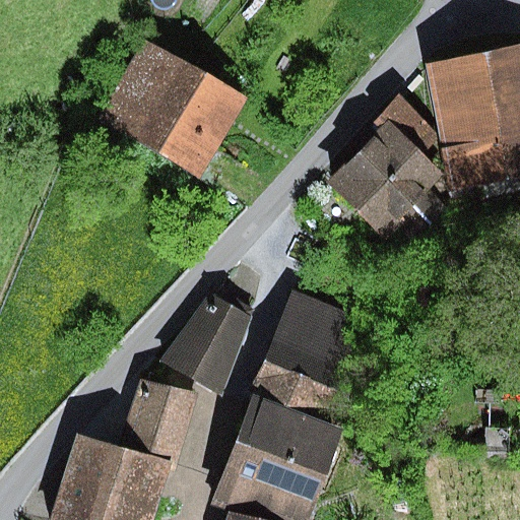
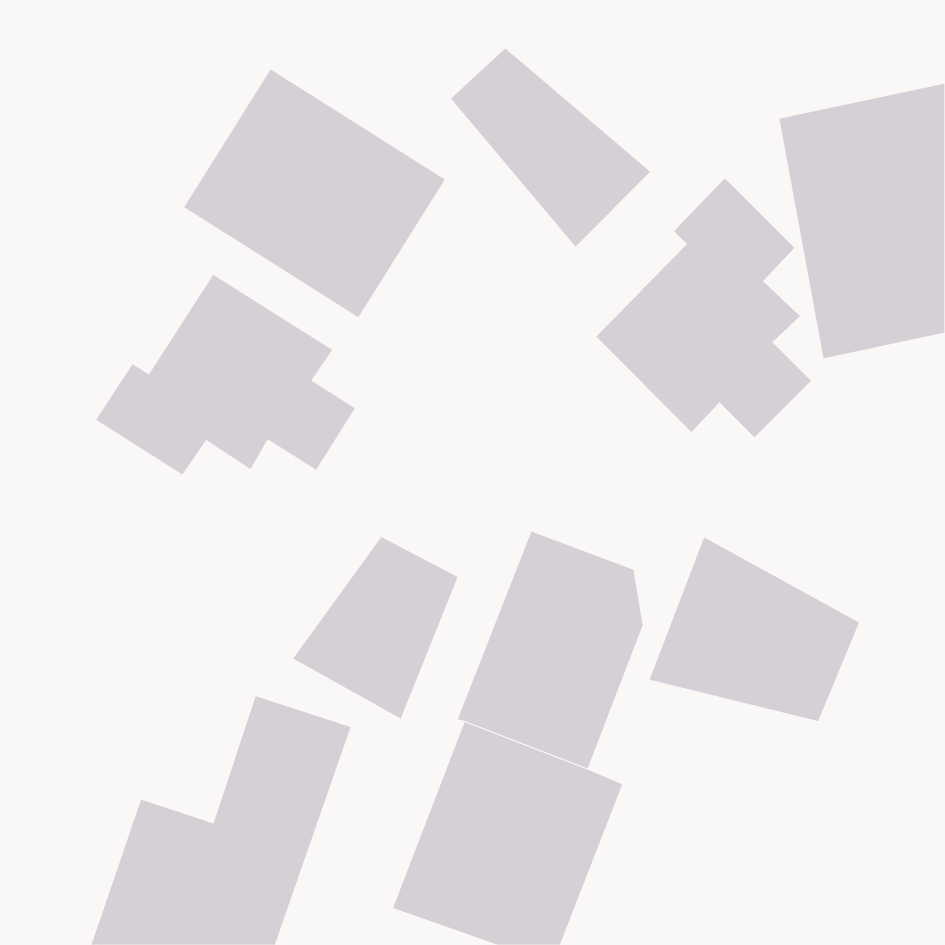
building: none -> [450,47,651,247]
building: none -> [95,274,356,475]
building: none -> [649,536,860,722]

